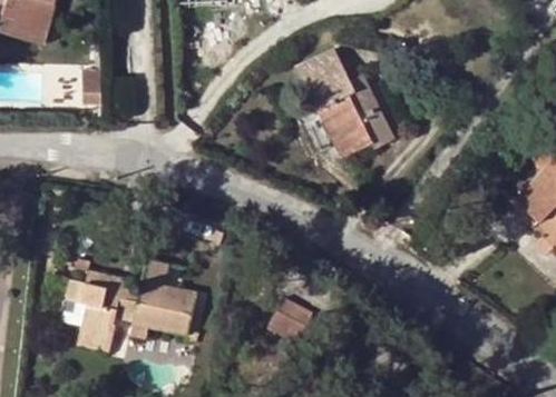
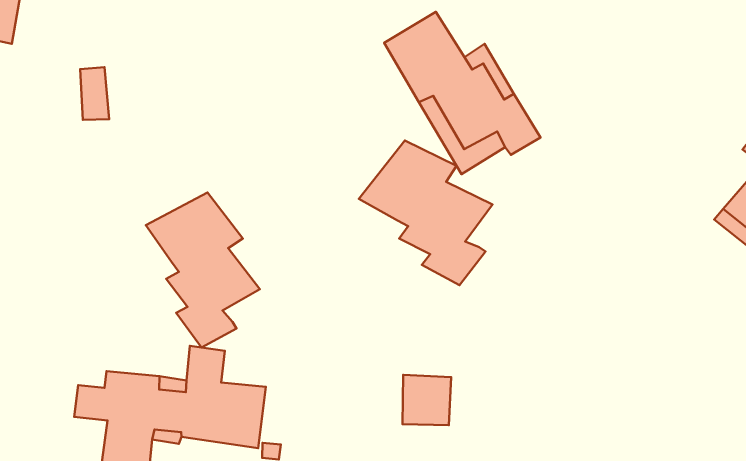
building: none -> [359,140,493,285]
building: none -> [146,193,260,347]

